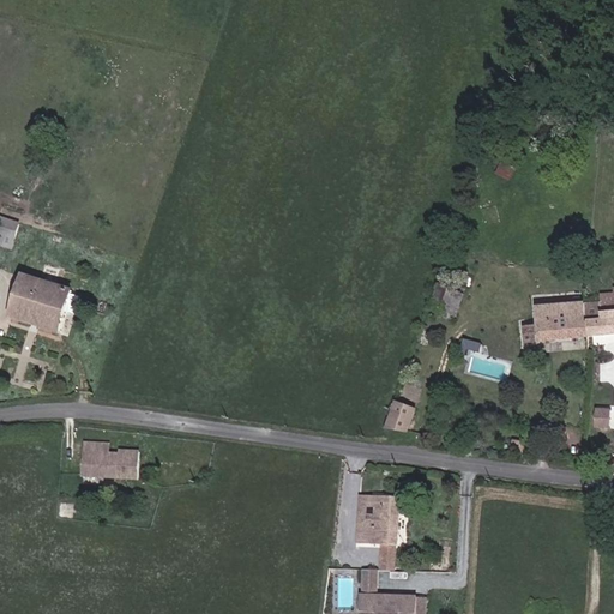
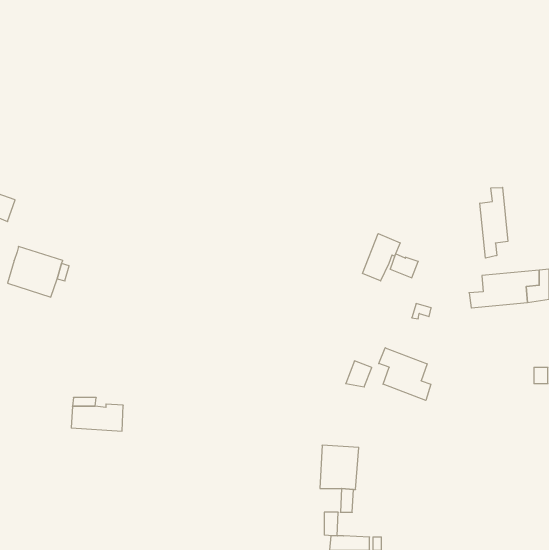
building: none -> [480,187,508,258]
building: none -> [362,234,400,281]
building: none -> [379,348,431,400]

